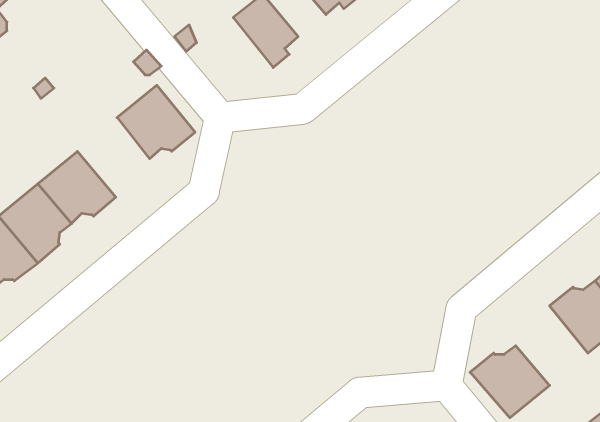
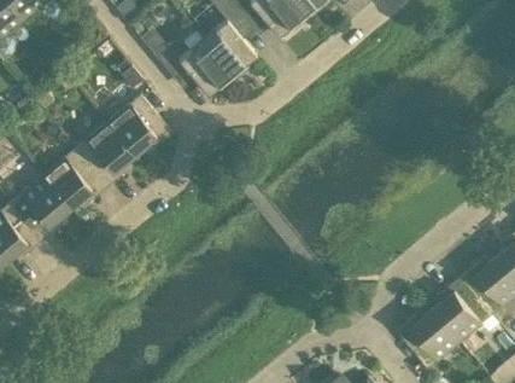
building: none -> [179,39,235,94]
building: none -> [75,121,134,186]
building: none -> [434,275,493,341]

